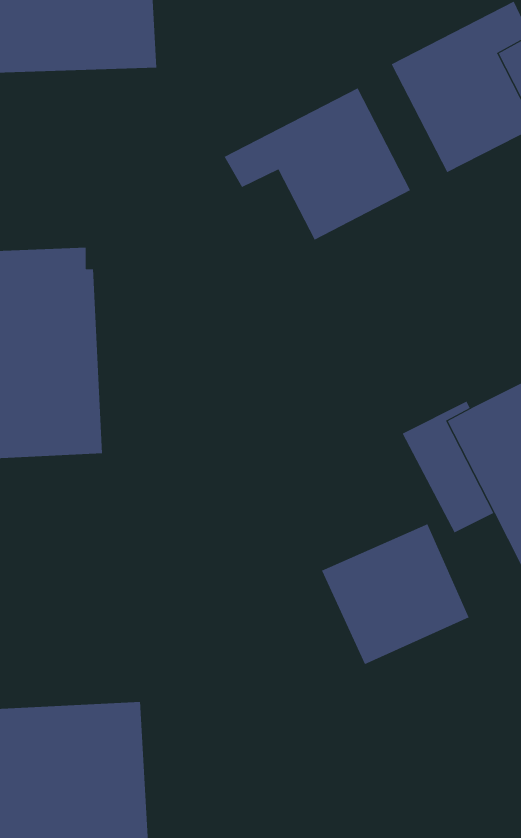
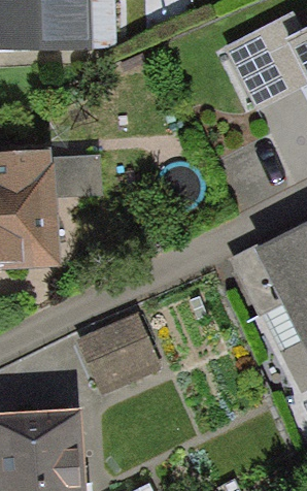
building: [224,87,411,240] -> none
building: [321,523,470,665] -> [78,312,163,392]

